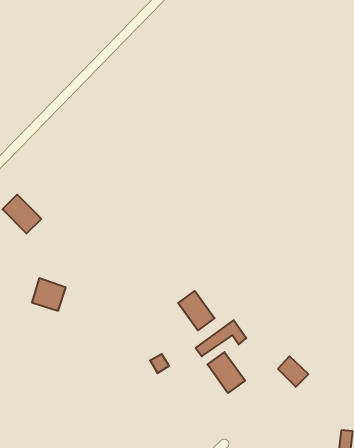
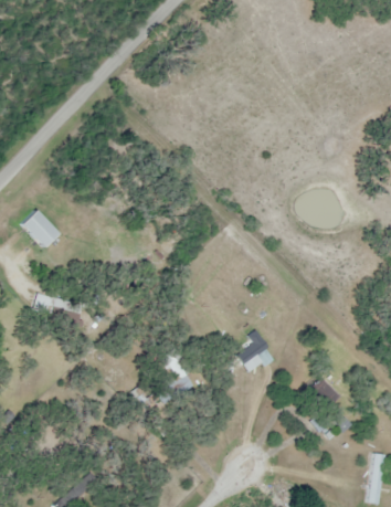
building: [178,291,215,330] -> none
building: [207,352,245,393] -> none

